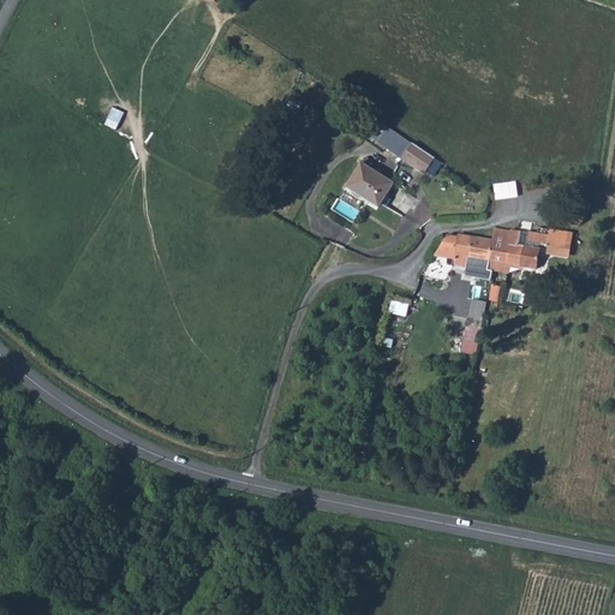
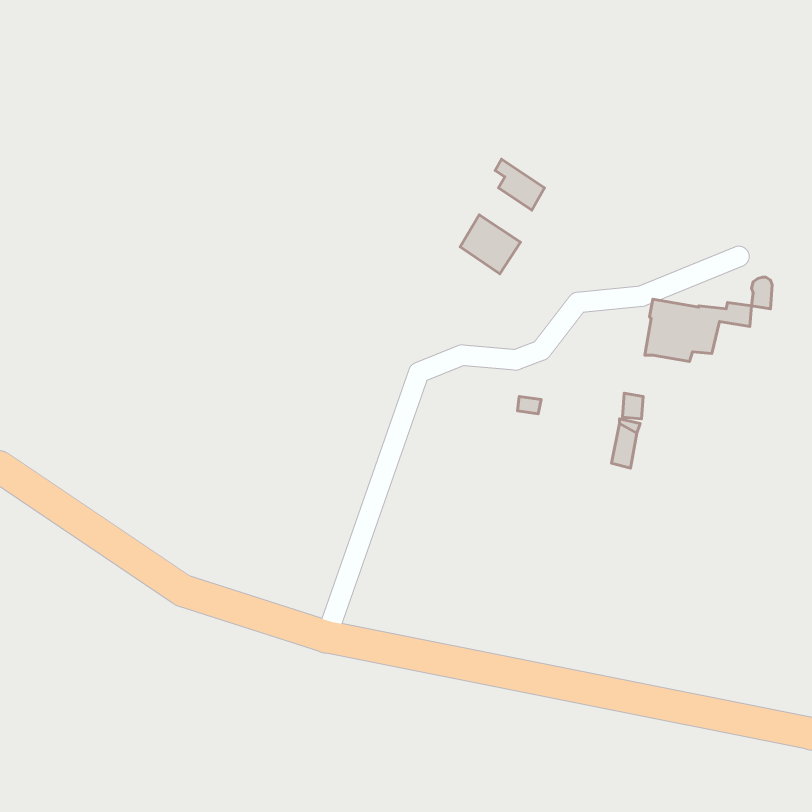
building: [401,142,434,173] -> none
building: [432,235,492,281] -> none

